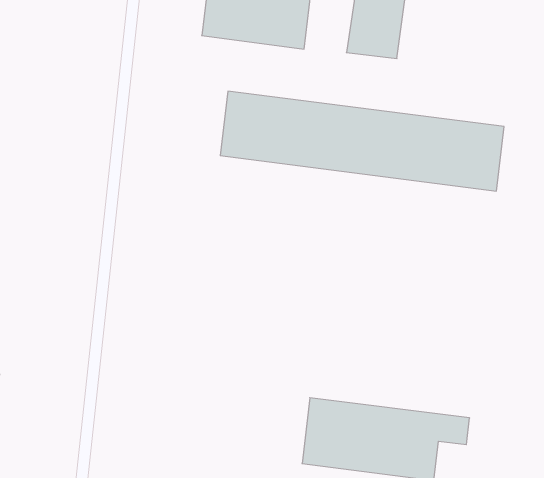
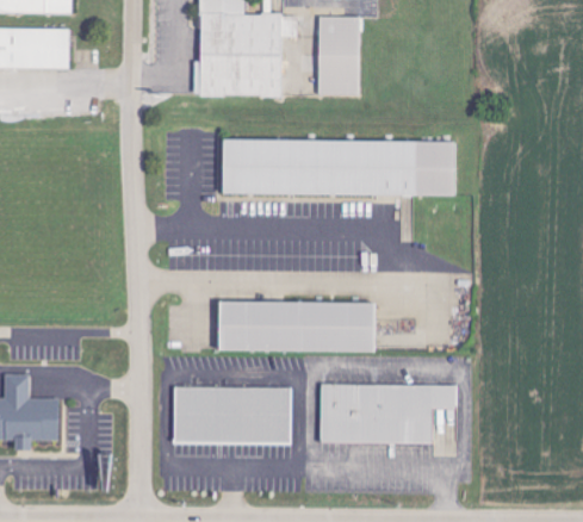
building: none -> [228,307,383,355]
building: none -> [180,392,299,449]

